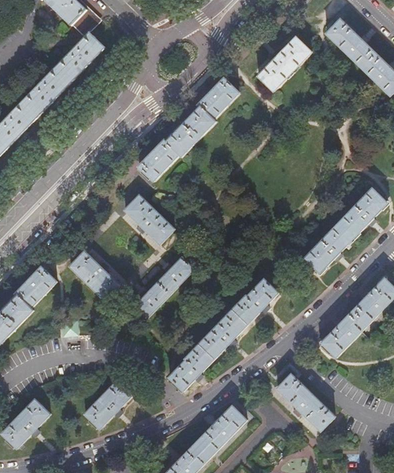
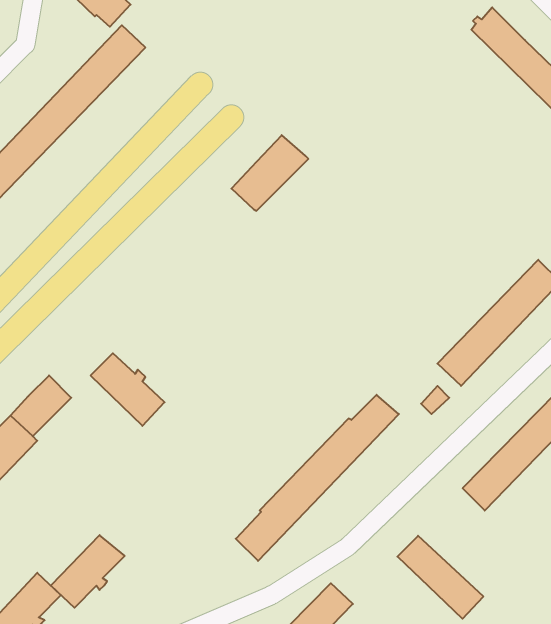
building: [258,36,313,92] -> none
building: [199,77,241,118] -> none
building: [139,140,180,181] -> none
building: [124,195,175,244] -> none
building: [134,257,194,318] -> none
building: [84,379,134,428] -> [51,535,125,608]

